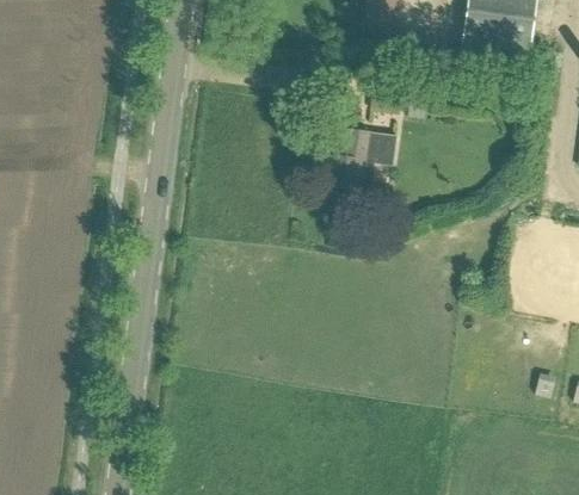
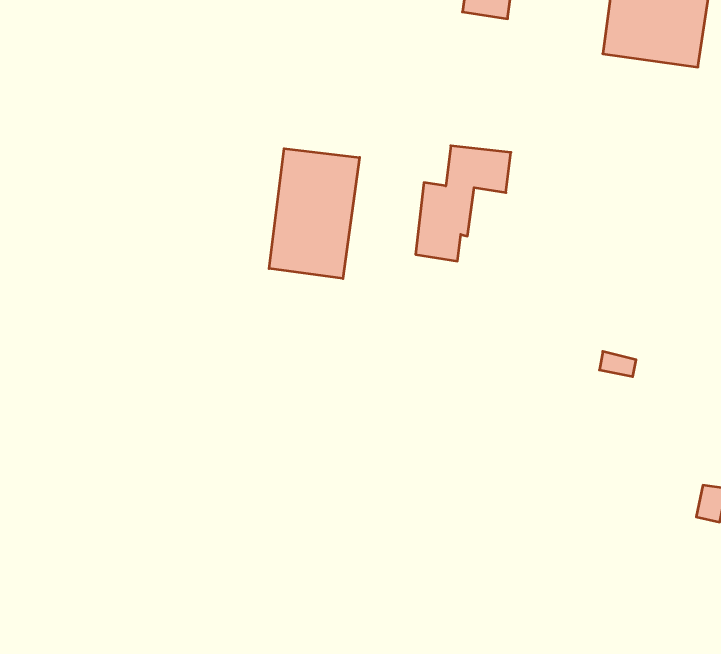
building: none -> [269,149,360,279]

